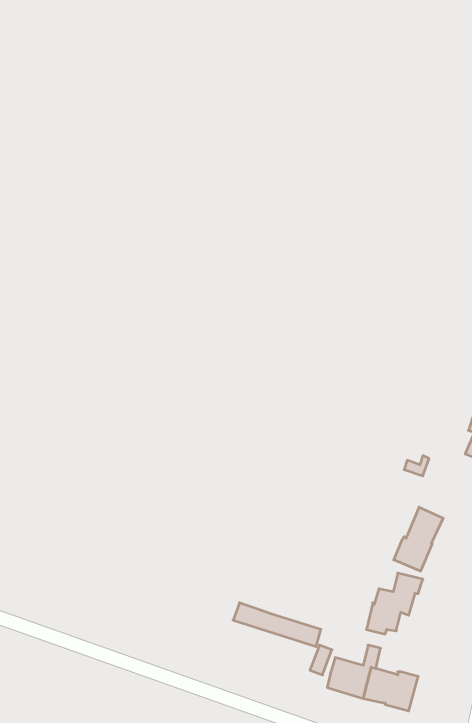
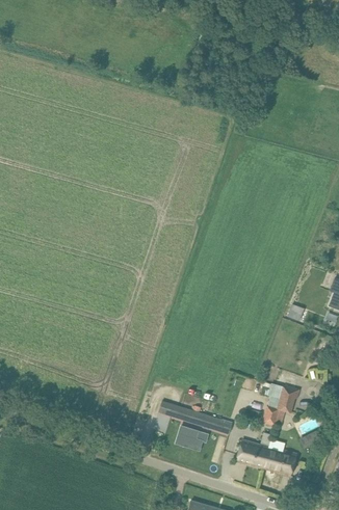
building: [394,507,443,571] -> none
building: none -> [175,426,207,451]

